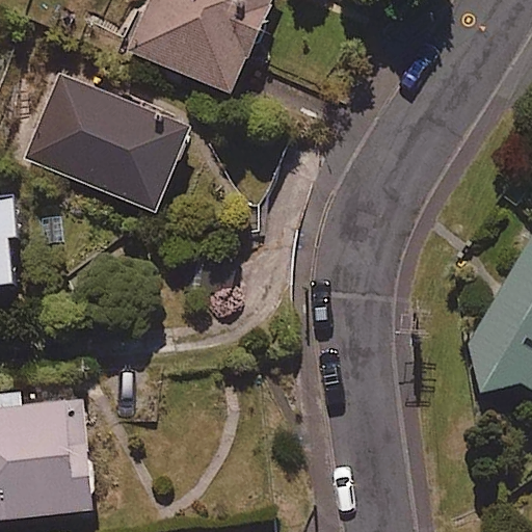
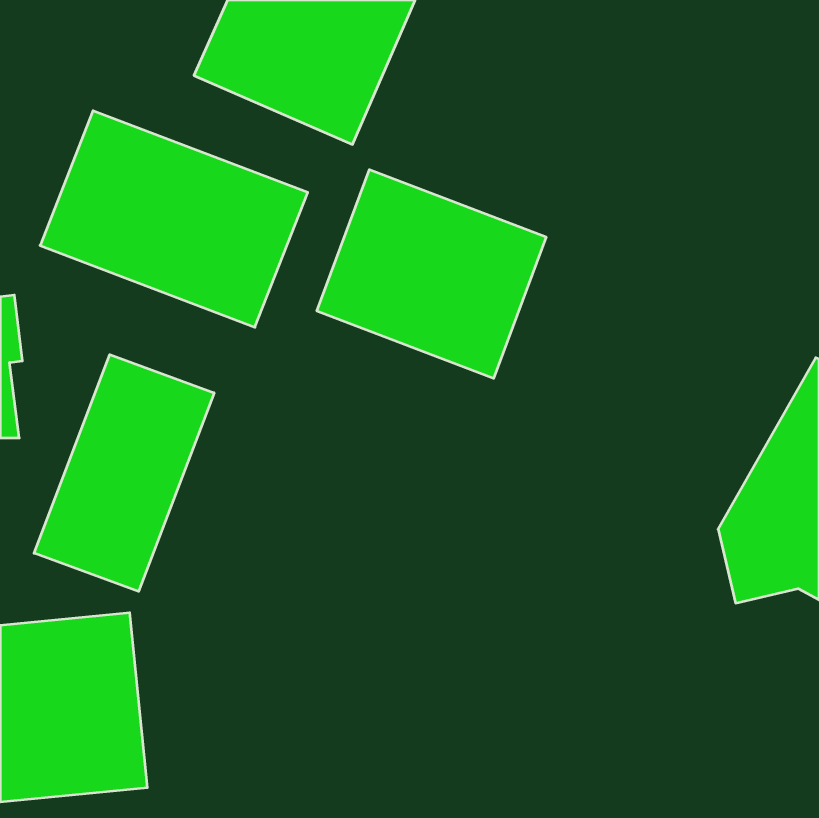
building: none -> [317,170,546,378]
building: none -> [34,355,214,591]

